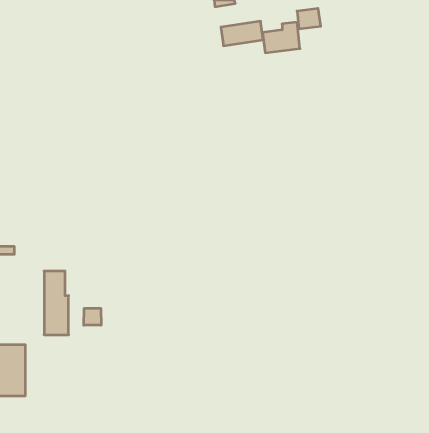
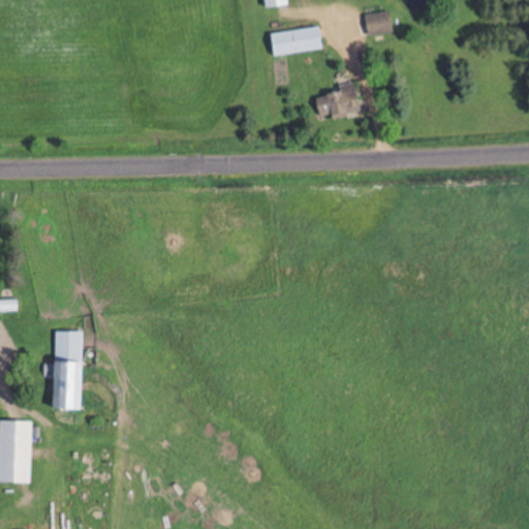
building: [263,22,300,53] -> [316,83,362,120]
building: [84,308,101,325] -> none

